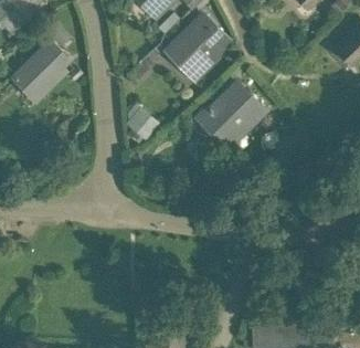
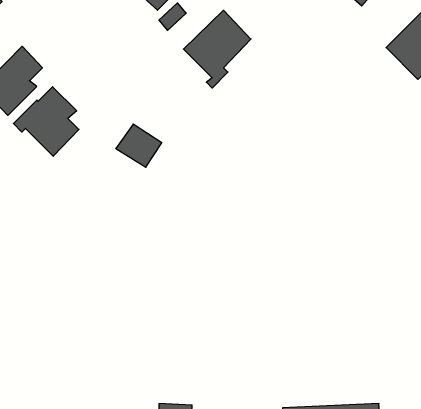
building: none -> [13,87,79,156]
building: [195,85,263,149] -> none

